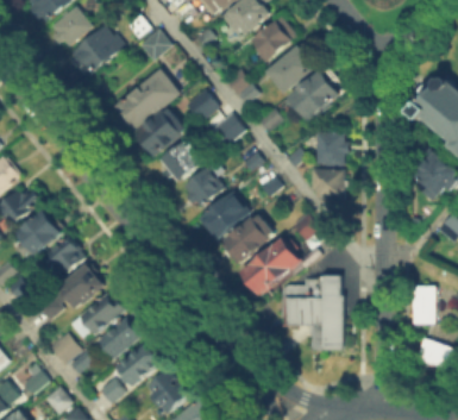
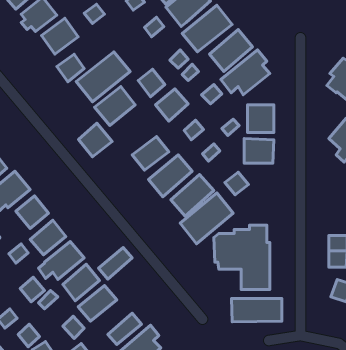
building: [139,30,171,62] -> [57,54,84,82]
building: [163,142,202,181] -> [78,123,112,157]
building: none -> [232,298,282,322]
building: [142,363,181,400] -> [99,248,132,279]

